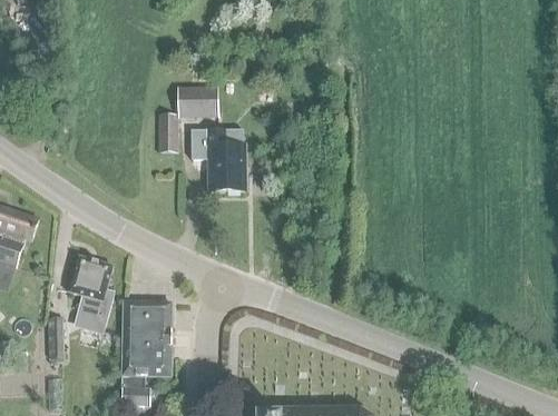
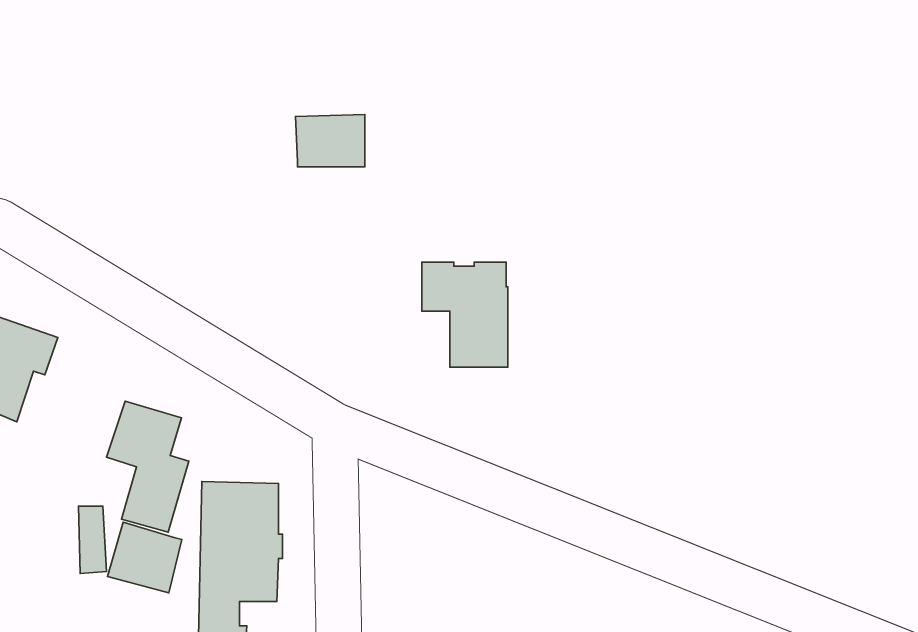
building: [159,112,179,151] -> none
building: [194,128,245,190] -> [422,262,508,367]
building: none -> [107,522,182,593]

